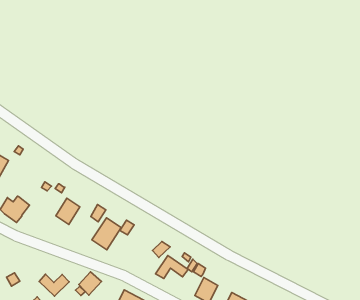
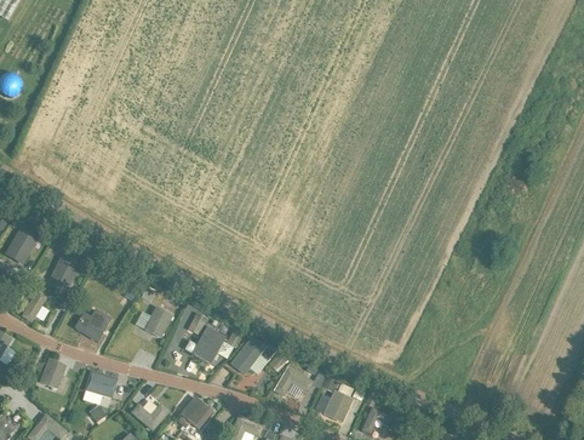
building: none -> [230,335,268,375]
building: none -> [86,371,116,398]

